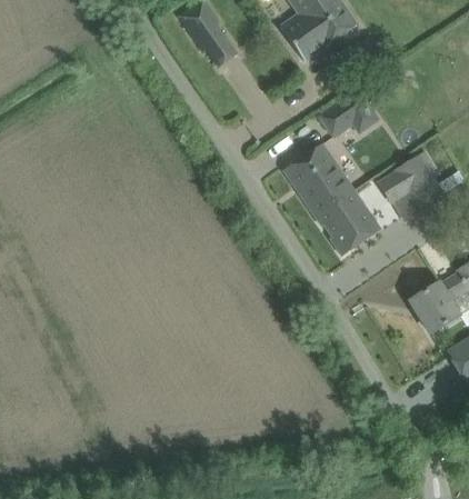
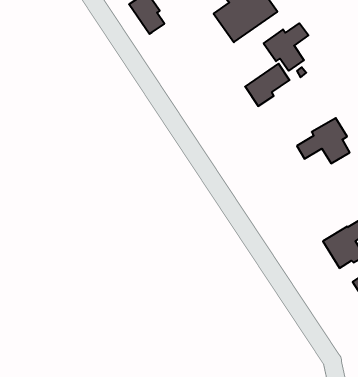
building: none -> [264,23,308,71]
building: [282,143,380,256] -> none

